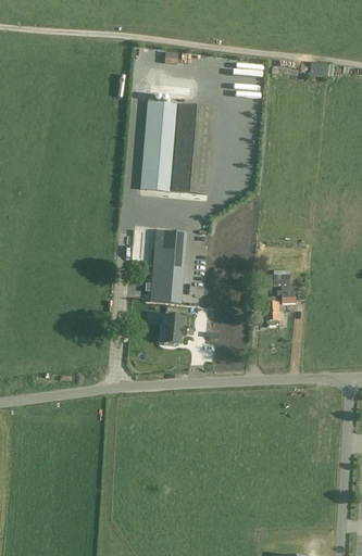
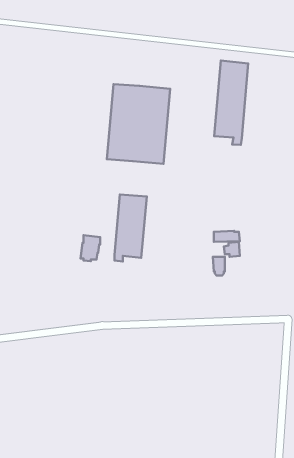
building: none -> [214,60,248,145]
building: [161,315,184,345] -> [81,235,100,261]

